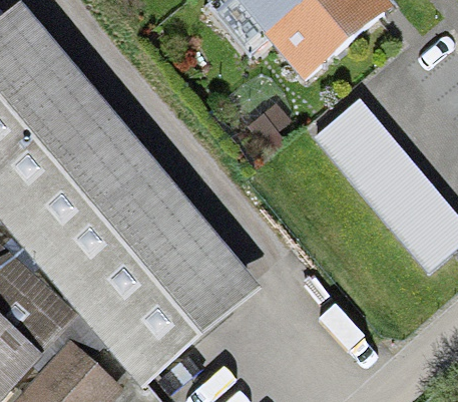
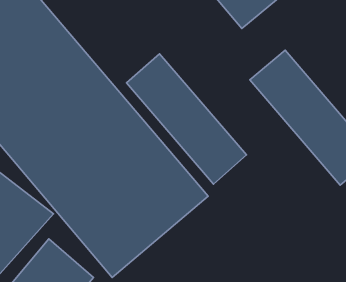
building: none -> [126,54,246,184]

